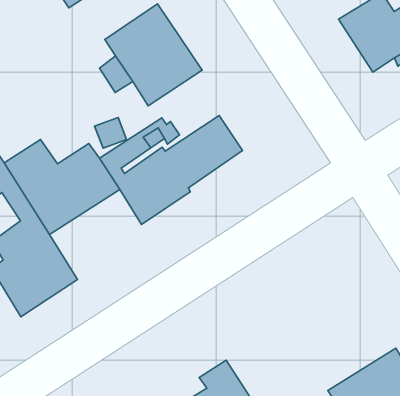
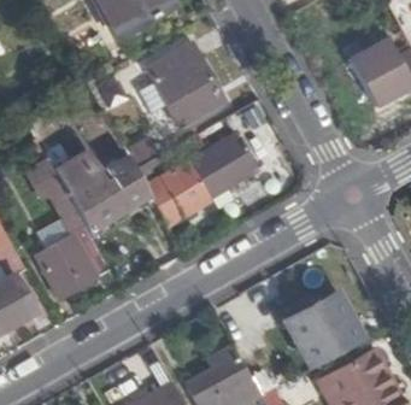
building: none -> [286,294,363,366]

